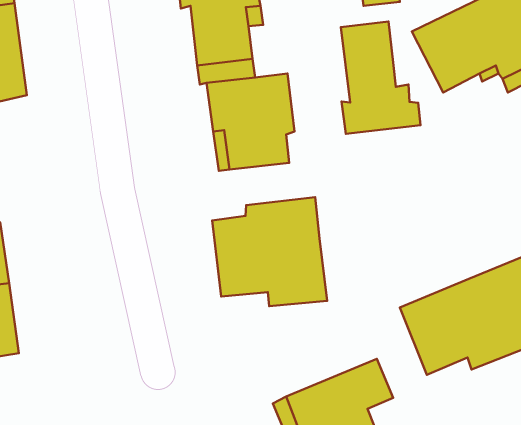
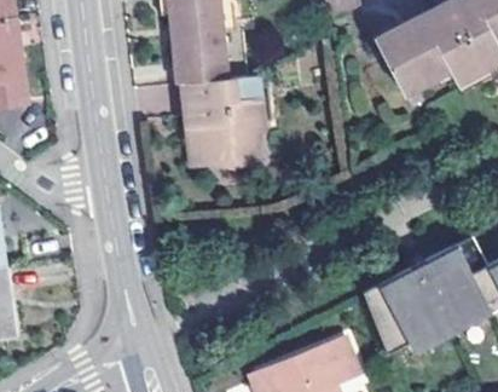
building: [341,21,420,134] -> none
building: [212,197,327,306] -> none

